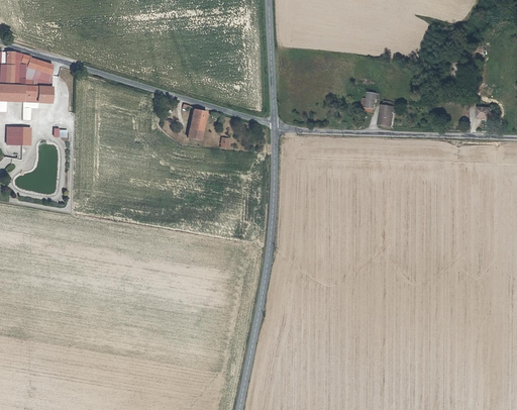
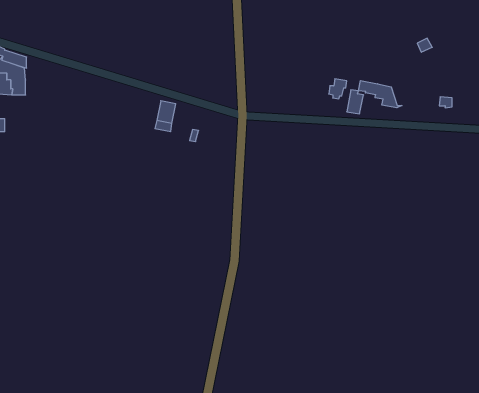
building: none -> [359,81,402,108]

